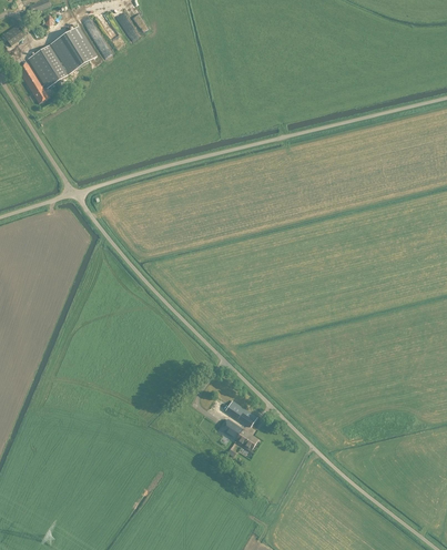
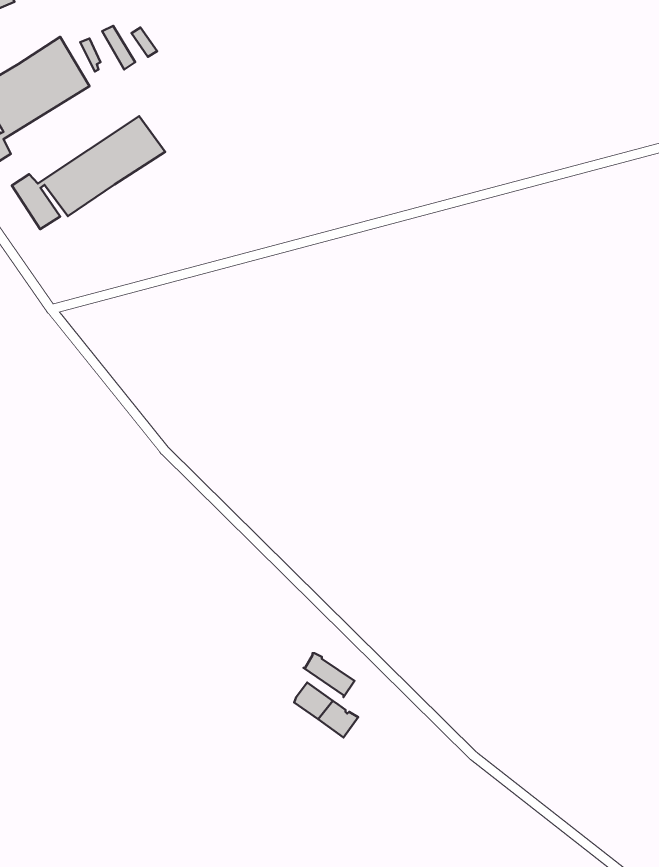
building: none -> [12,116,165,229]

